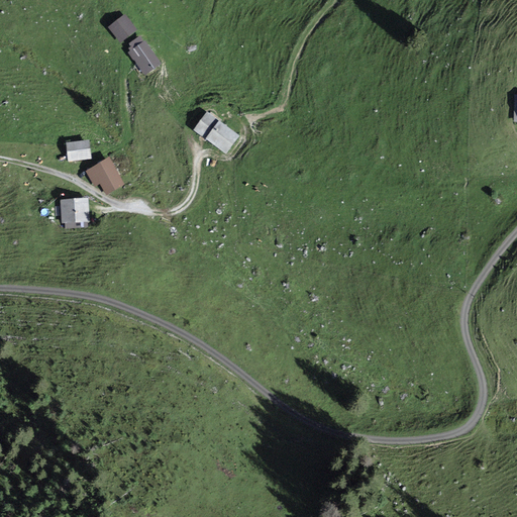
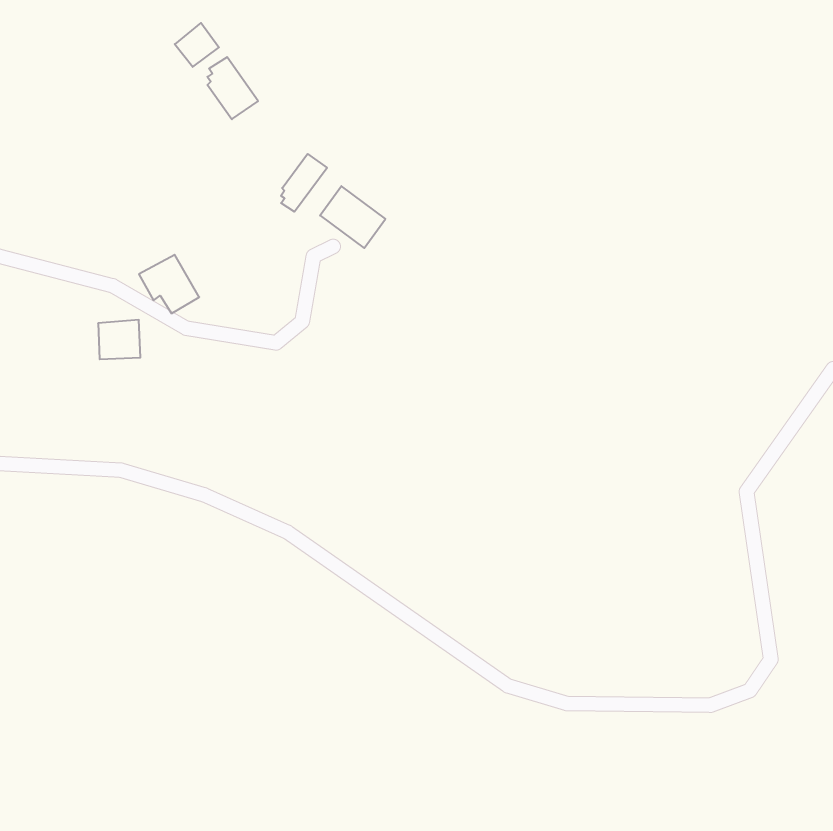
building: none -> [281,154,327,212]
building: [66,140,91,162] -> none

